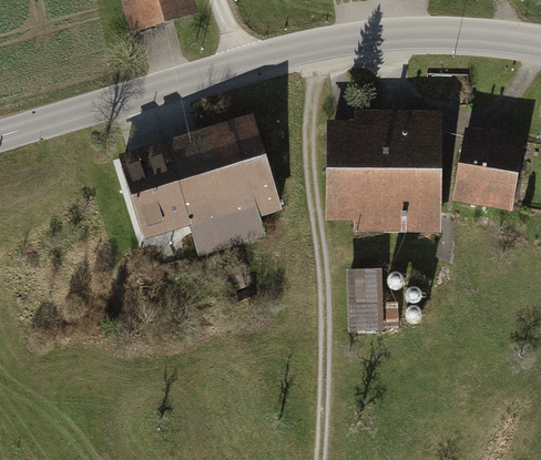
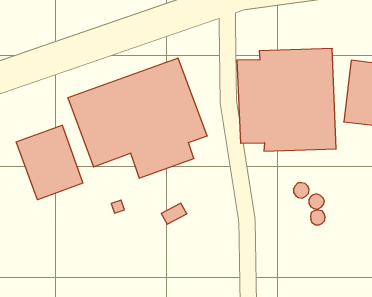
building: none -> [16,125,83,200]
building: [346,268,384,330] -> none

